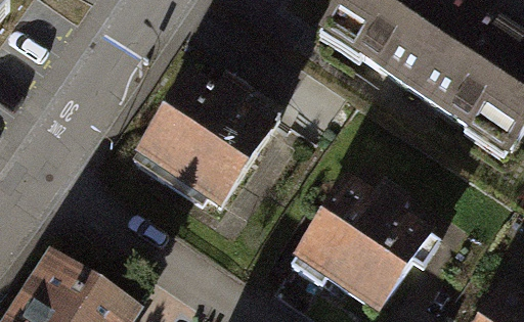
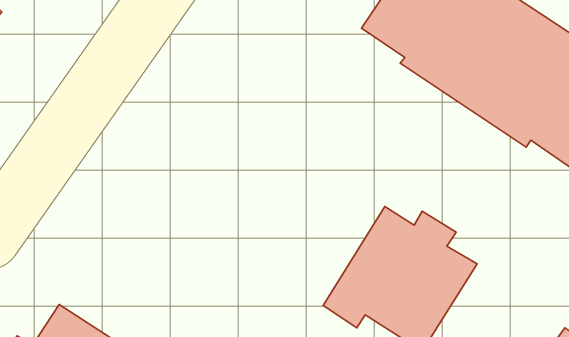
building: [129,77,275,208] -> none

